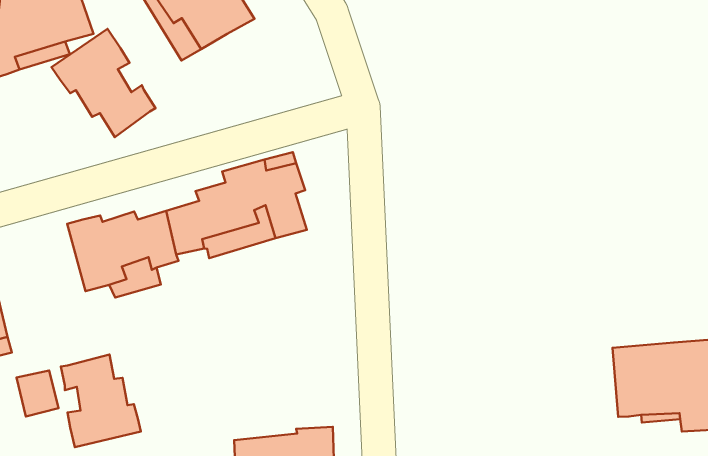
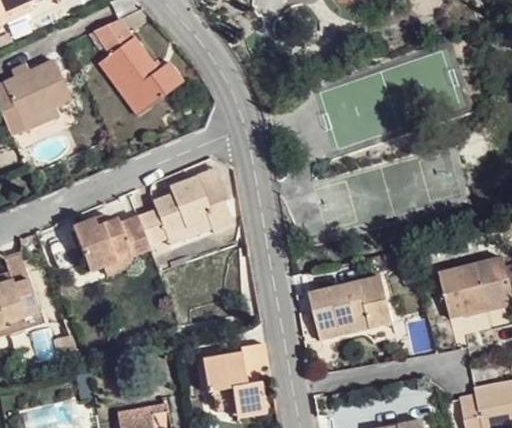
building: [52,29,156,137] -> none
building: none -> [310,274,392,335]
building: [61,354,141,447] -> none

